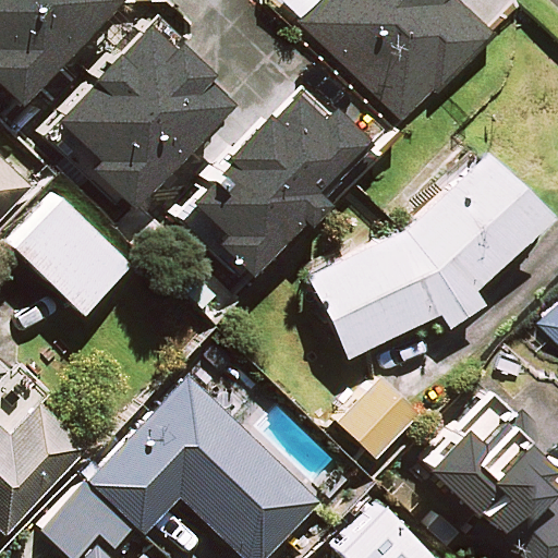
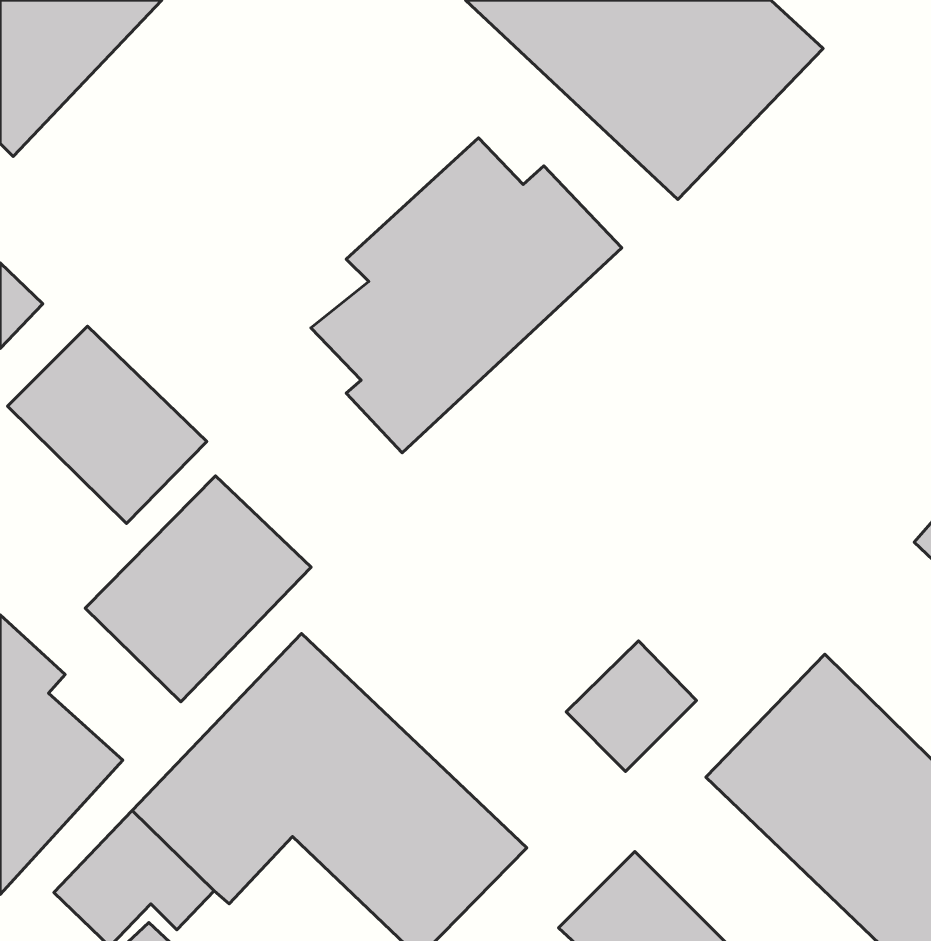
building: [46,19,230,205] -> none
building: [310,149,545,356] -> none
building: none -> [85,476,311,702]

